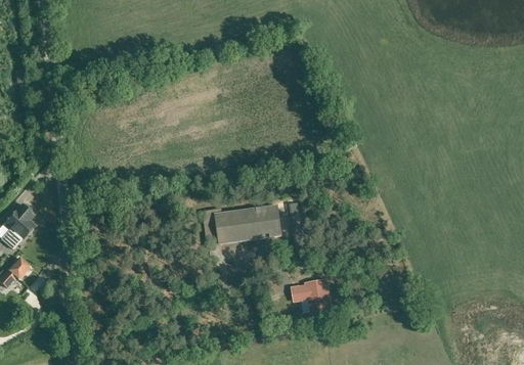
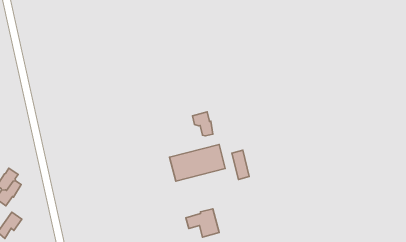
building: none -> [193,112,213,136]
building: [293,280,331,313] -> [186,209,219,237]

